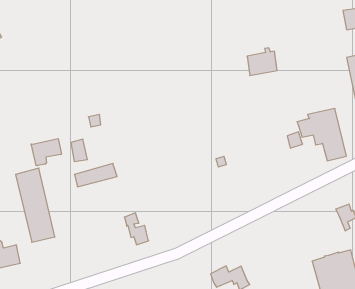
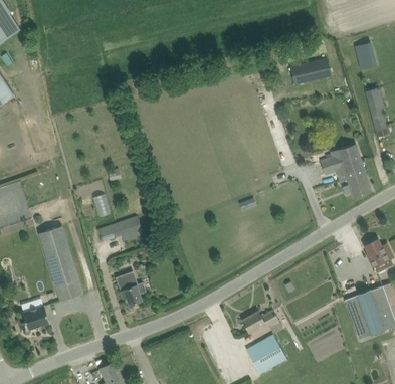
building: [247,48,277,75] -> [299,54,330,83]
building: [31,139,62,166] -> none
building: [124,213,149,245] -> [115,272,141,305]

